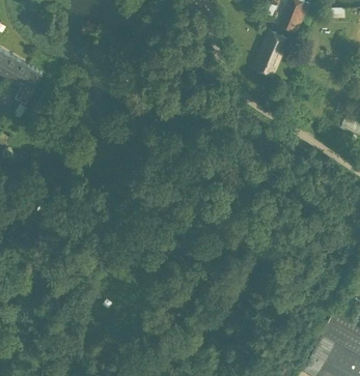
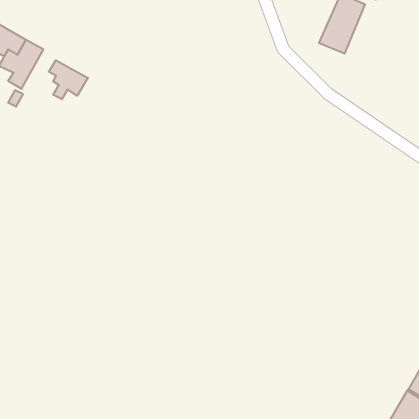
building: none -> [49,60,88,99]

